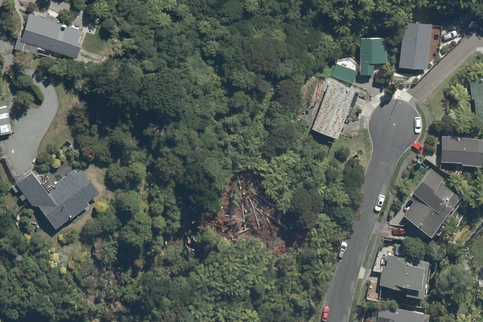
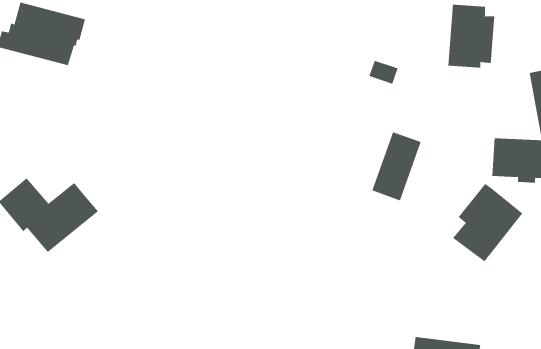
building: [361,34,384,73] -> none
building: [312,80,355,140] -> [372,131,422,201]
building: [378,254,430,296] -> none

